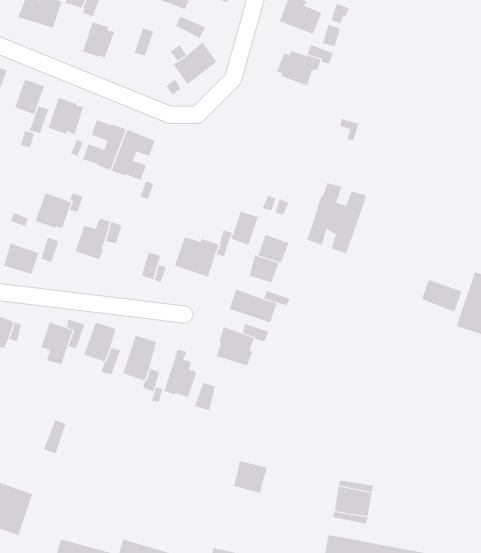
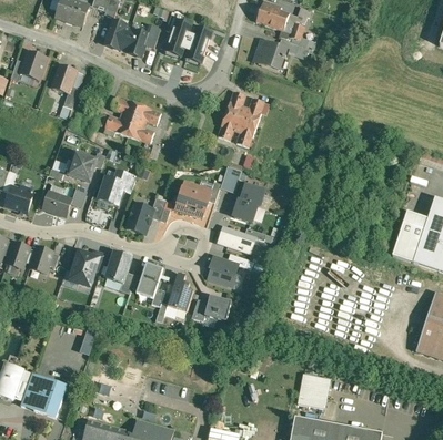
building: none -> [122,28,148,55]
building: [48,97,84,135] -> none
building: [307,182,367,254] -> [218,91,264,146]
building: none -> [125,203,152,234]
building: [421,279,462,312] -> none
building: [233,460,268,494] -> [204,295,231,320]

